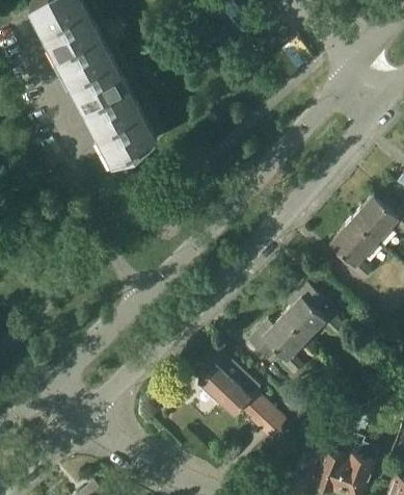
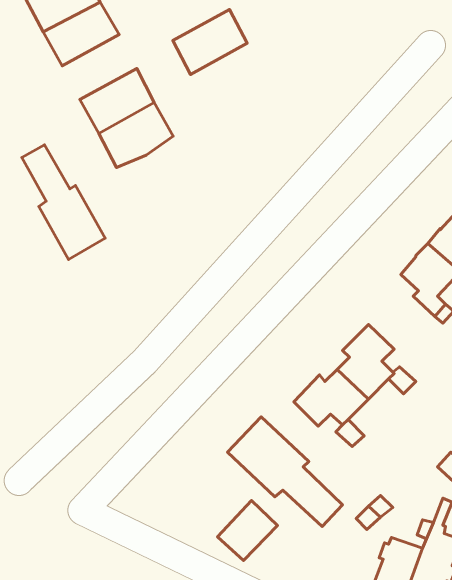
building: [72,61,129,111] -> [173,9,247,74]
building: none -> [22,145,105,259]
building: none -> [217,501,278,561]

